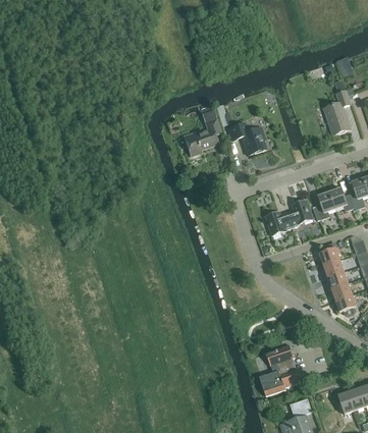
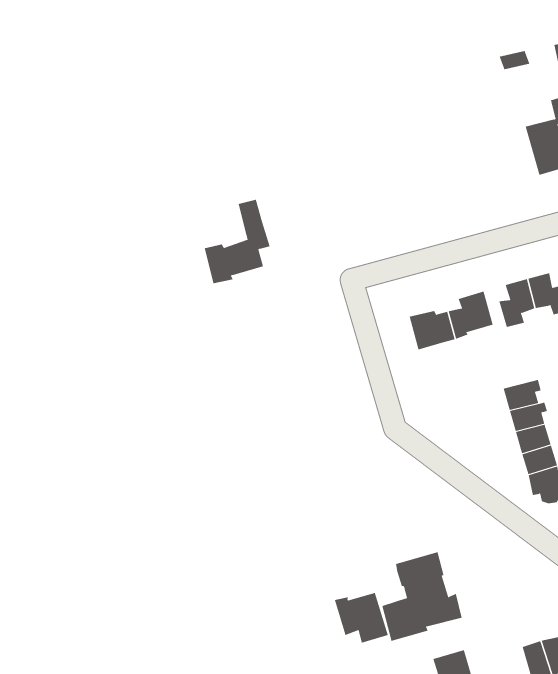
building: [185,107,221,155] -> [204,199,271,284]
building: [228,122,268,154] -> none
building: none -> [334,592,388,643]

